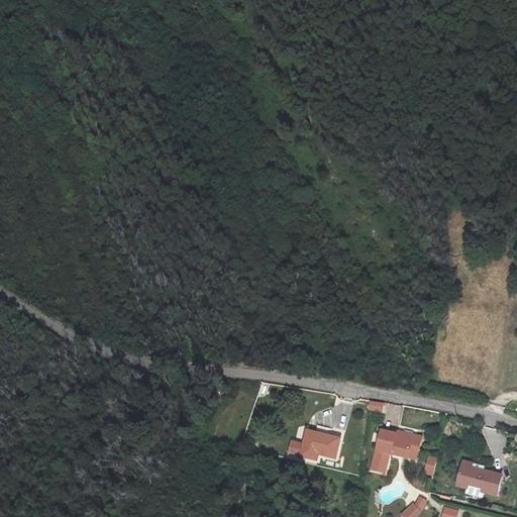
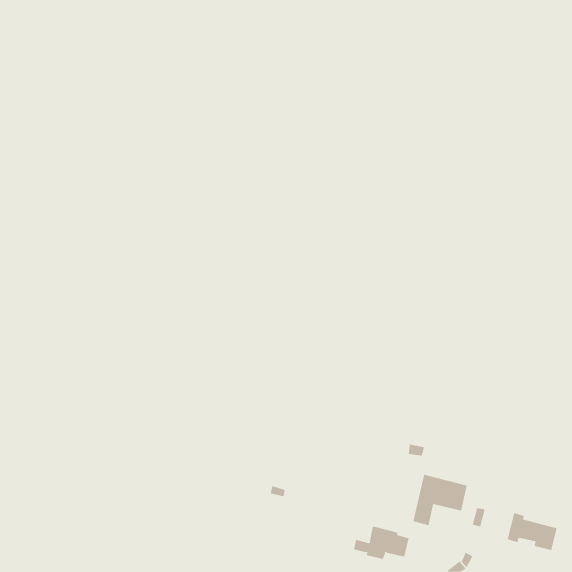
building: [287,427,337,457] -> [353,526,409,560]

